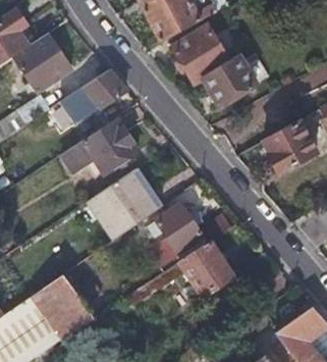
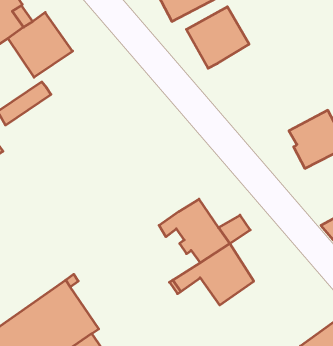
building: [200,56,255,106] -> none
building: [56,69,122,124] -> none
building: [61,118,140,173] -> none
building: [87,167,161,238] -> none

